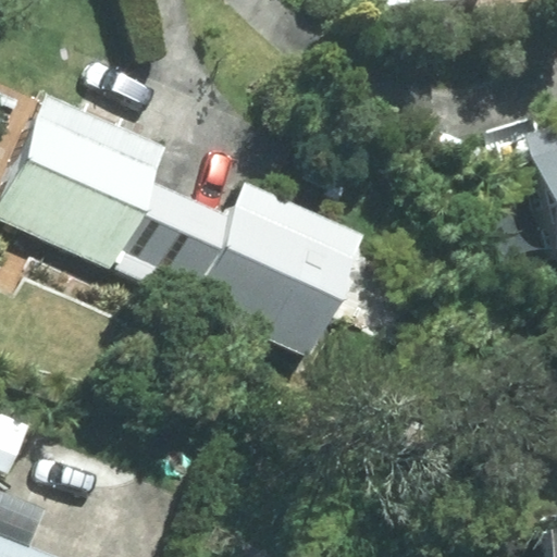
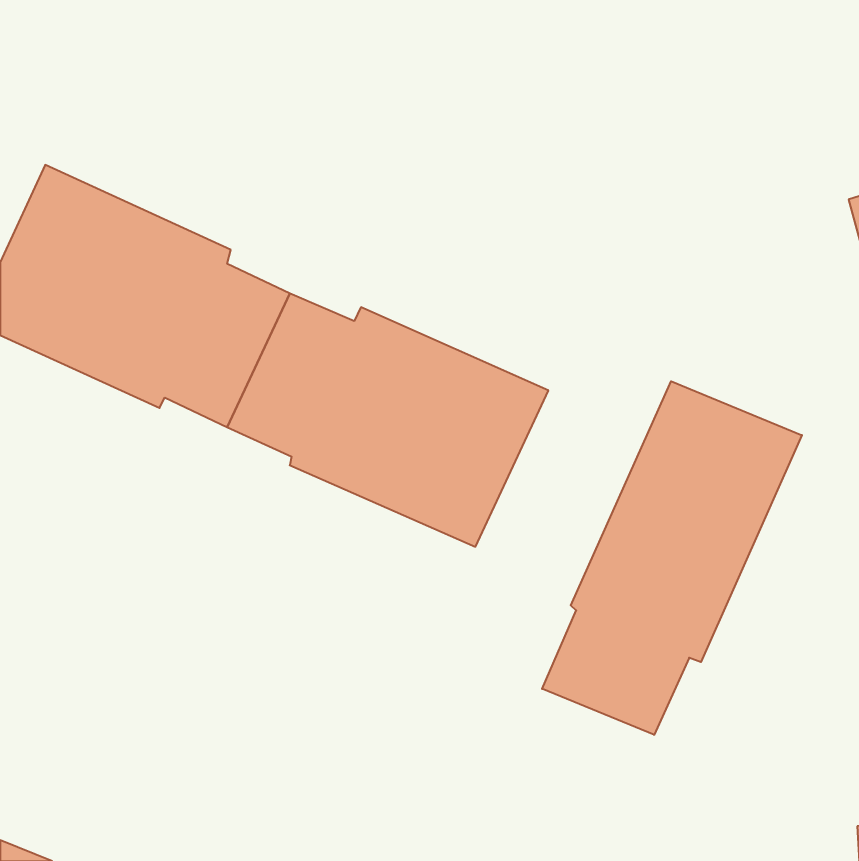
building: none -> [542,381,802,735]

